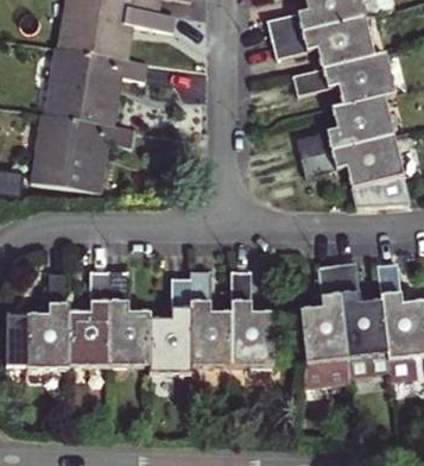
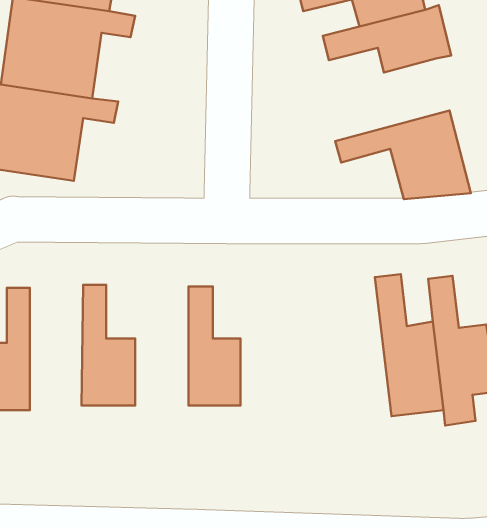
building: [300,95,394,159] -> none
building: [300,265,350,384] -> none
building: [68,271,109,365] -> none
building: [232,271,272,366] -> none
building: [150,278,191,372] -> none

